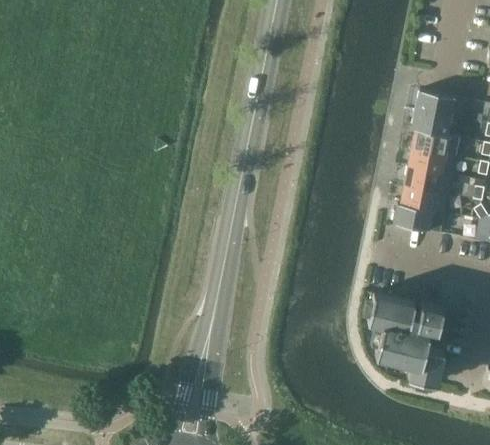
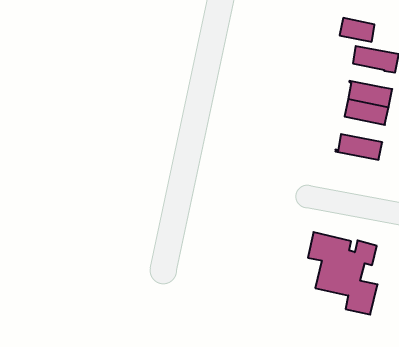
building: [412,110,450,136] -> [340,18,374,42]
building: [403,168,451,196] -> none
building: [393,206,444,234] -> none

